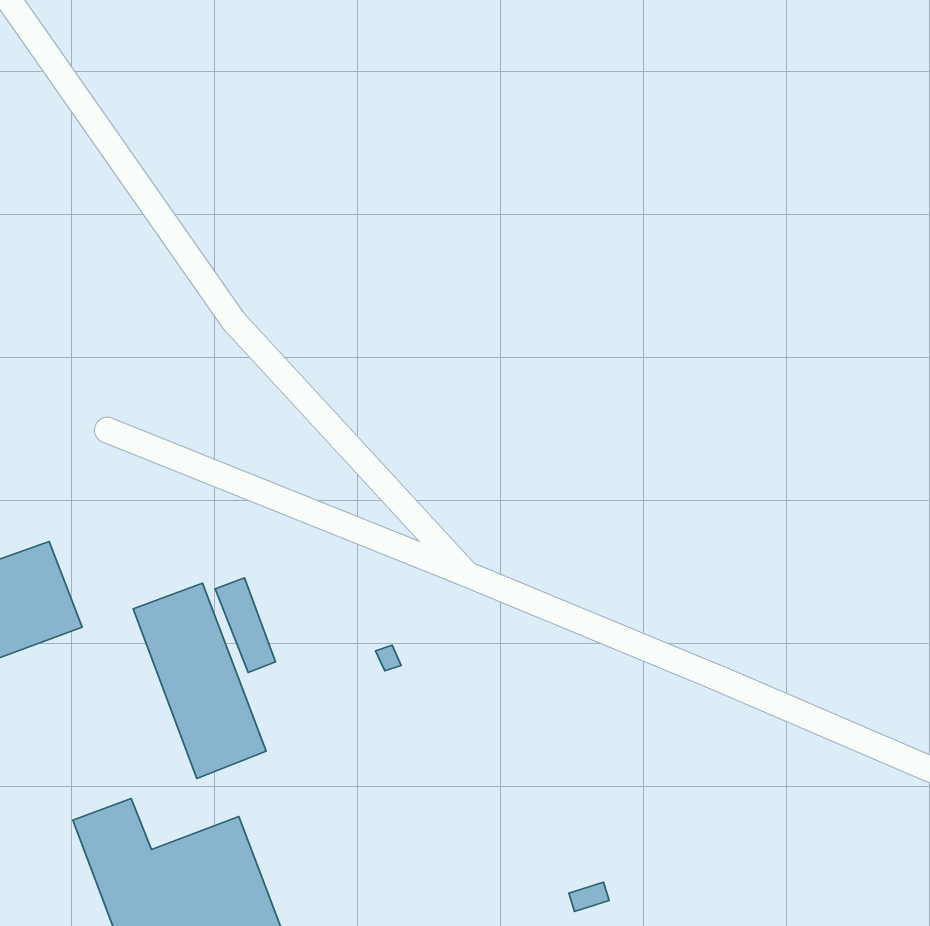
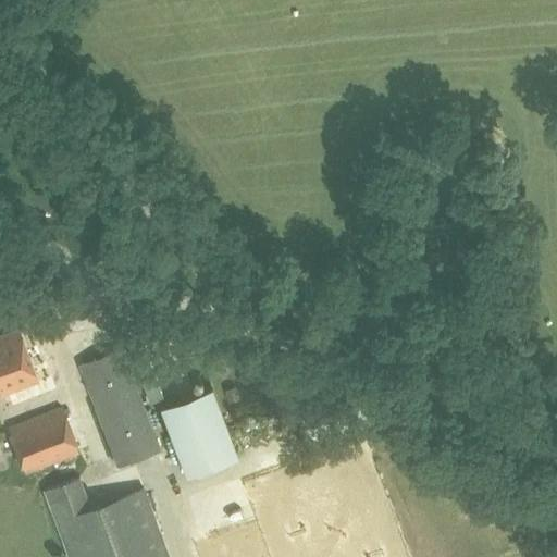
building: none -> [161,389,236,476]
building: none -> [8,410,78,474]

